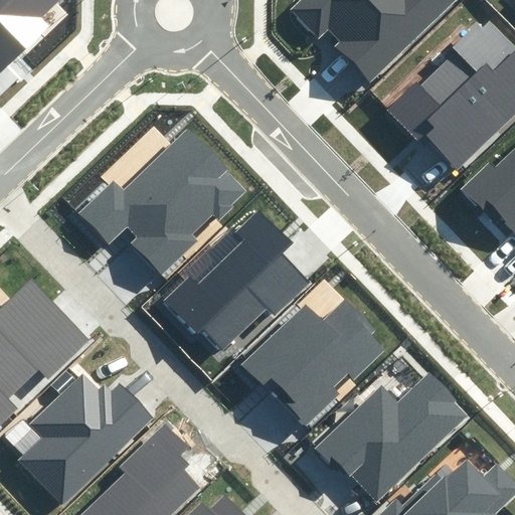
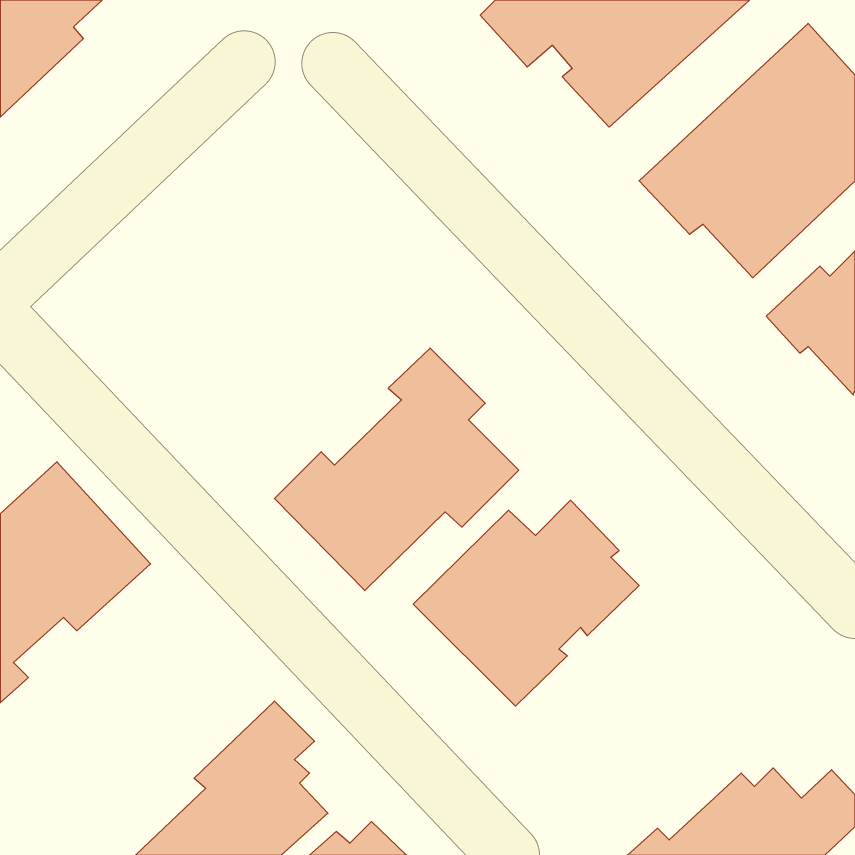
building: [80,126,253,275] -> none
building: [21,372,157,505] -> none
building: [320,376,464,501] -> none

